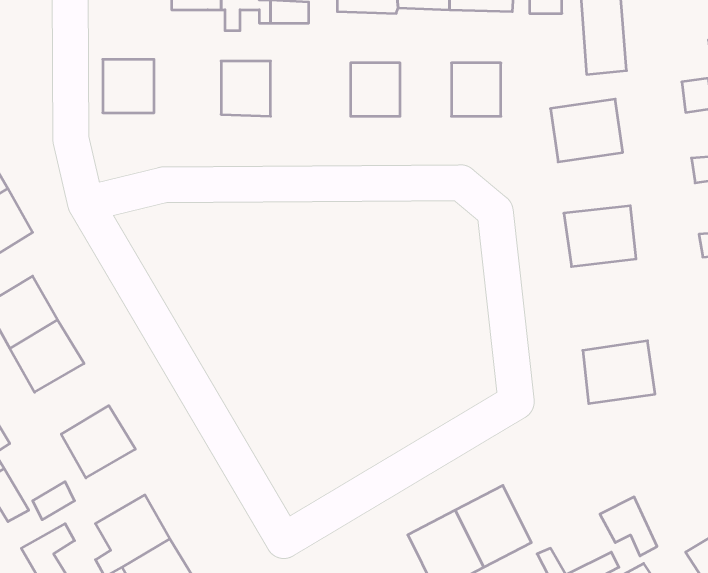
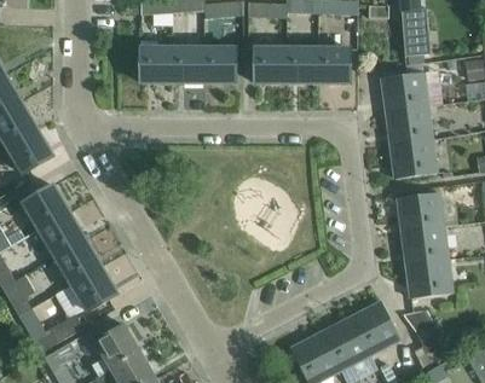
building: [103,59,154,113] -> [140,47,173,81]
building: none -> [204,47,237,82]
building: none -> [287,48,319,82]
building: none -> [387,105,433,144]
building: none -> [398,192,444,231]
building: none -> [54,239,102,284]
building: none -> [406,259,452,297]
building: none -> [352,301,400,353]

